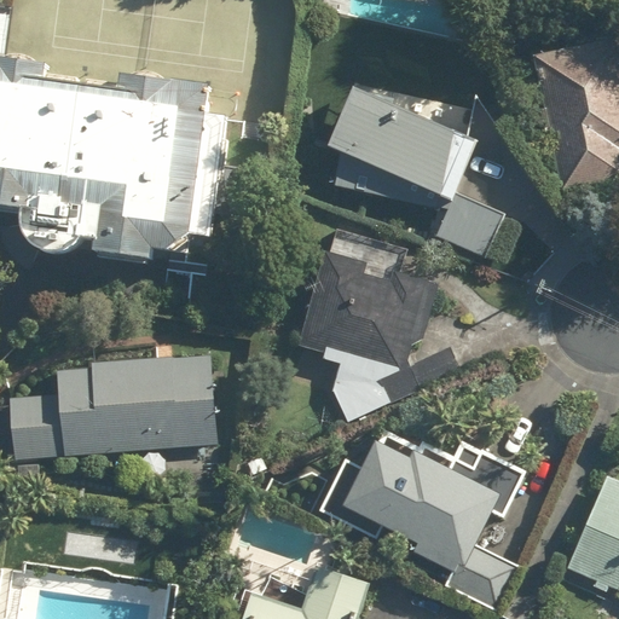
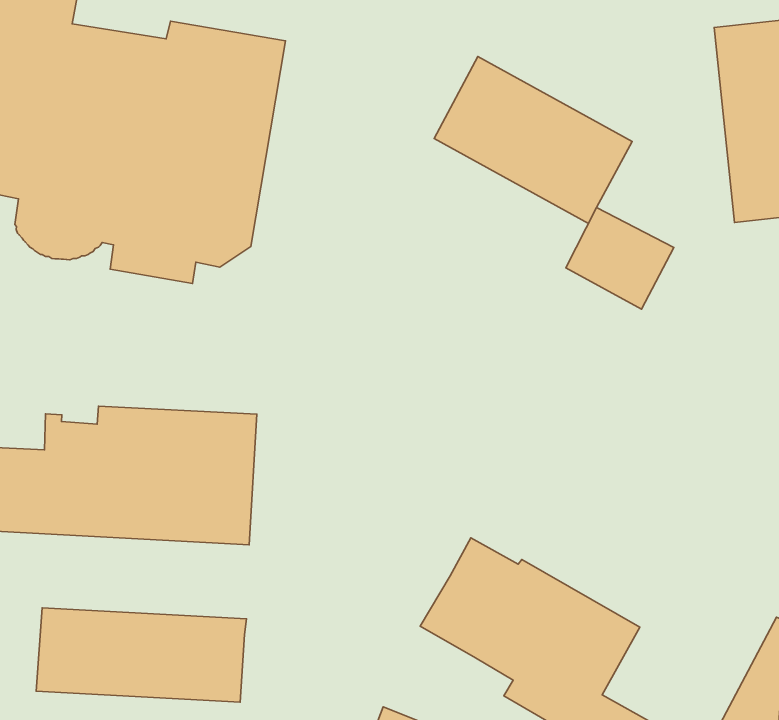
building: [297,251,459,421] -> none
building: none -> [36,608,246,702]

